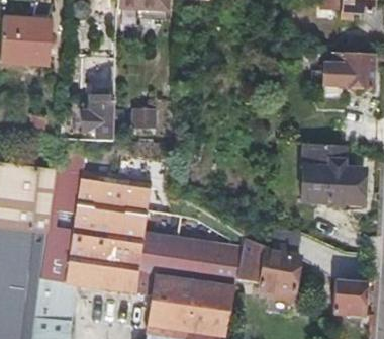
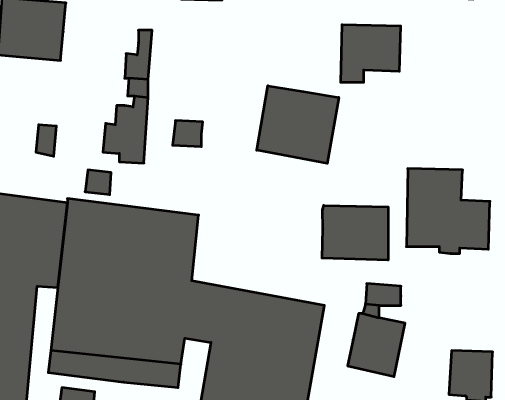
building: [325,53,370,95] -> [341,25,401,82]
building: none -> [257,86,339,163]
building: none -> [322,205,388,260]

